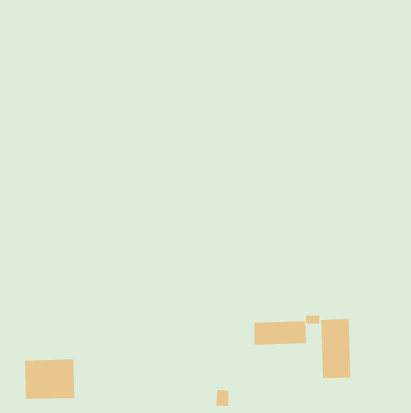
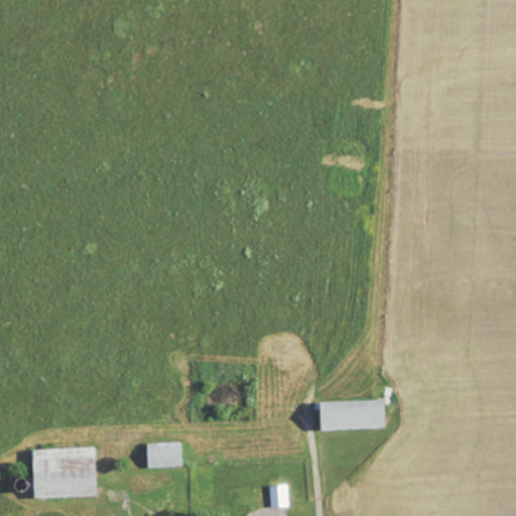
building: [321,318,351,379] -> none
building: none -> [147,442,183,468]

